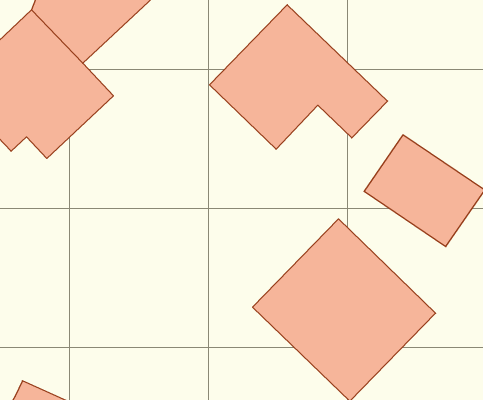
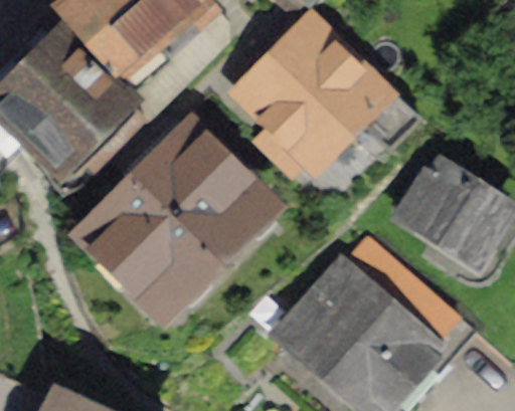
building: none -> [83,126,255,298]

